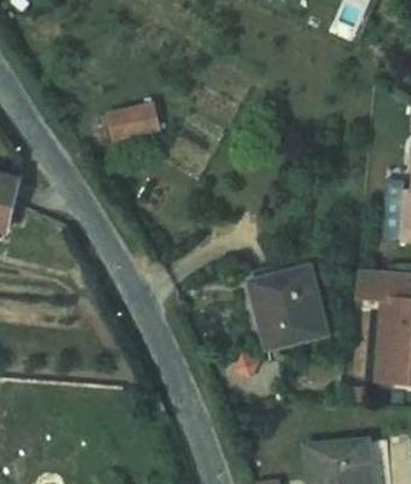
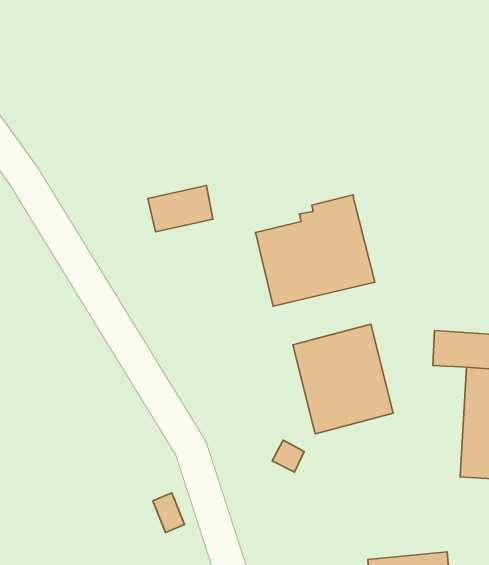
building: [107,103,156,138] -> [148,186,213,232]
building: none -> [255,195,375,306]

